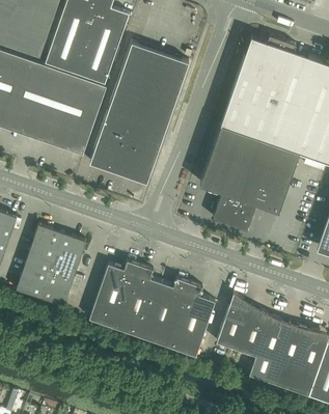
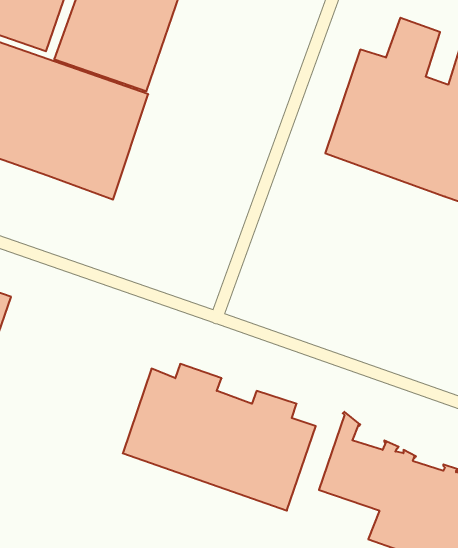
building: [92,43,189,175] -> none
building: [200,125,299,231] -> none
building: [16,225,86,307] -> none

